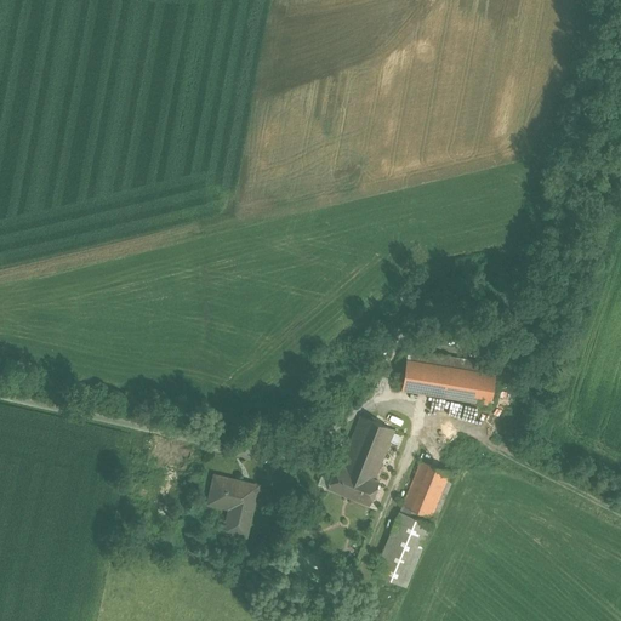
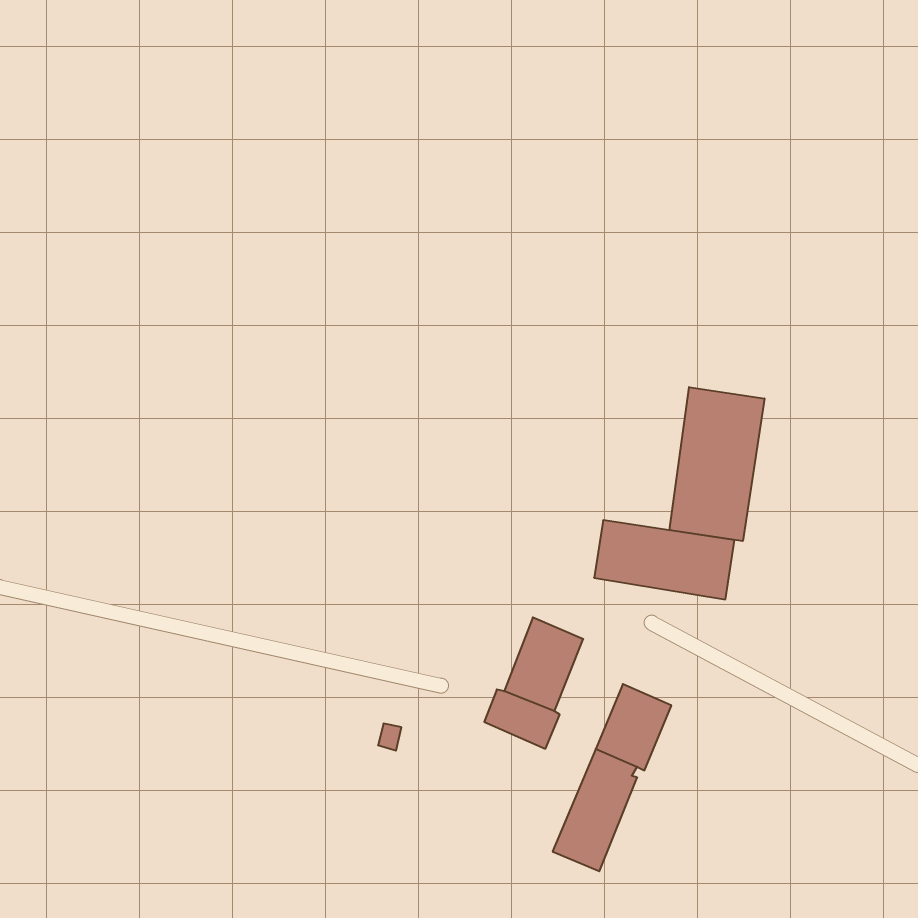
building: none -> [670,387,764,541]
building: [207,478,256,536] -> none

